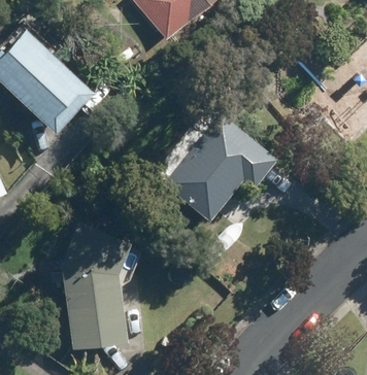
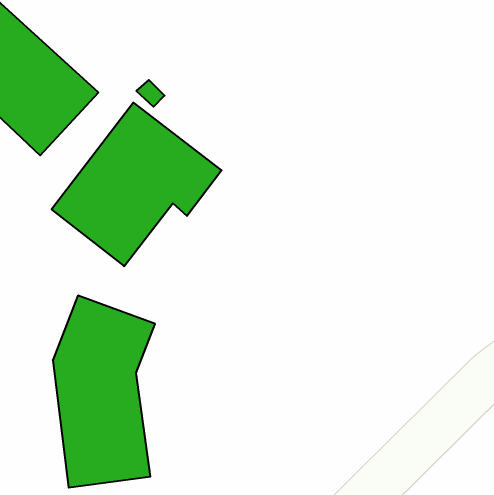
building: [165,114,276,221] -> [52,103,222,266]

